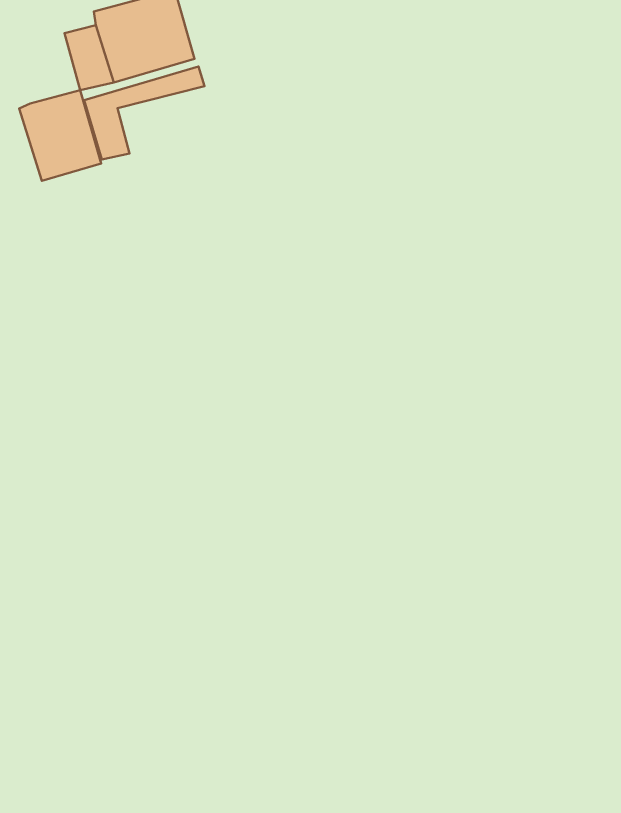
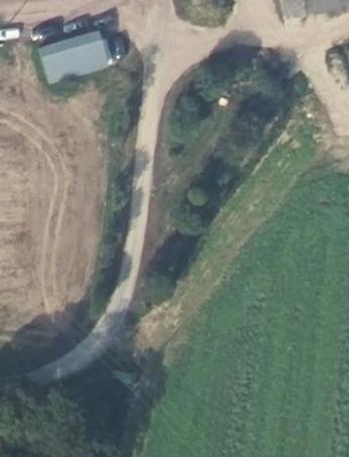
building: [19,90,101,181] -> none

